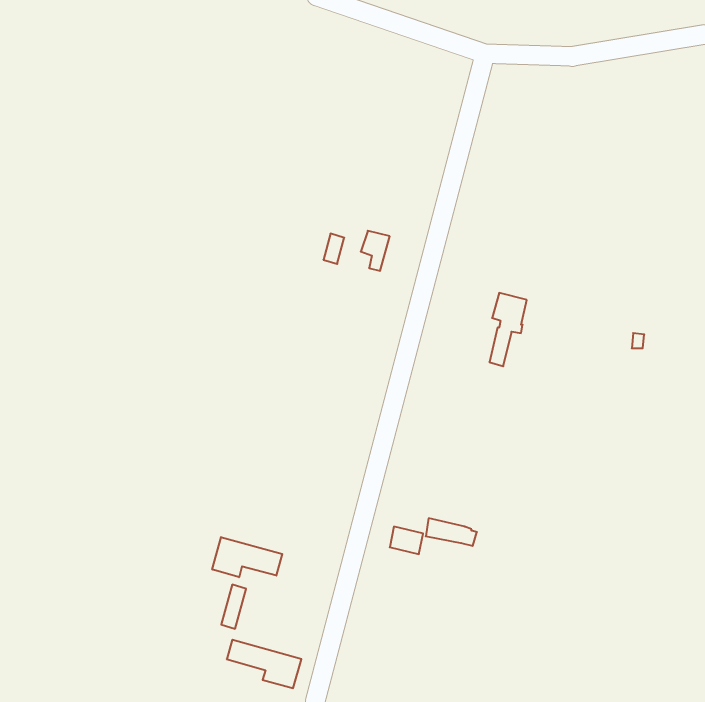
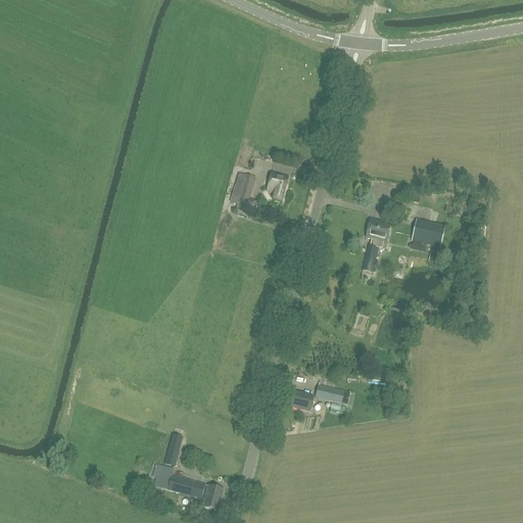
building: none -> [410,218,444,250]
building: [212,537,282,577] -> none
building: none -> [150,462,173,487]

